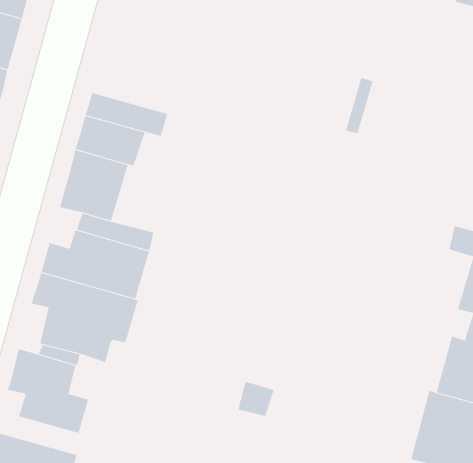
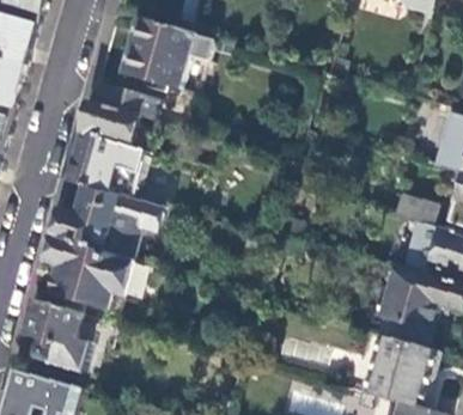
building: none -> [123,19,212,91]

